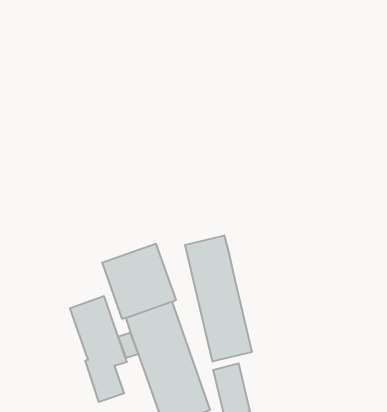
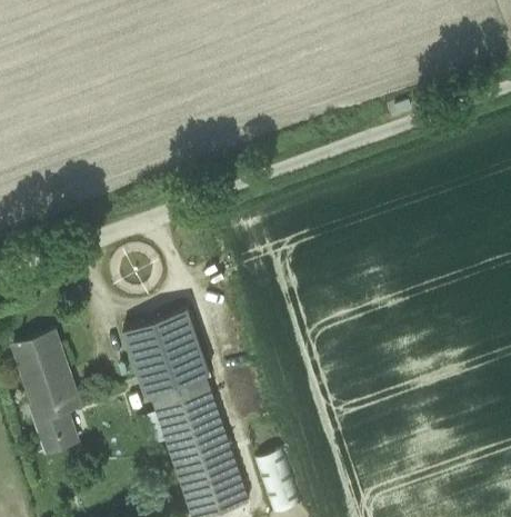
building: [185,235,252,362] -> none
building: [70,296,127,402] -> [12,334,79,457]

